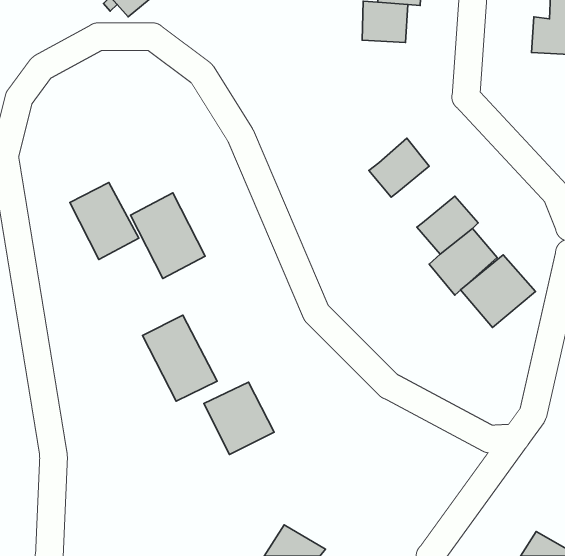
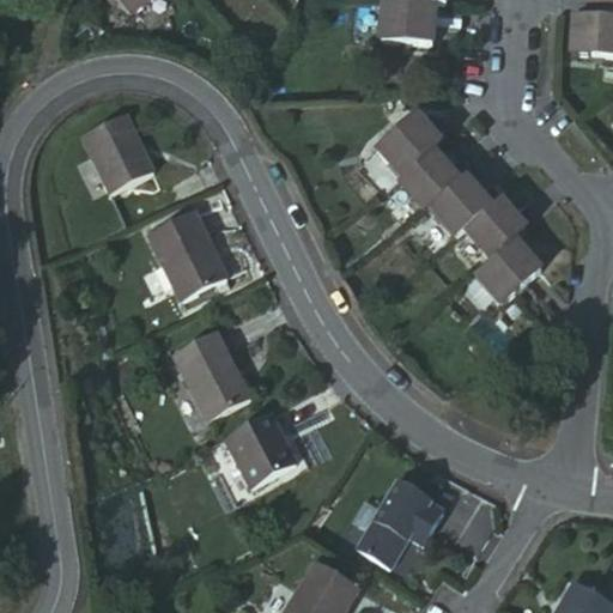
building: none -> [382,107,453,175]
building: none -> [431,174,498,239]
building: [70,182,139,259] -> [79,108,153,190]
building: [461,255,535,328] -> none
building: none -> [363,473,449,562]

